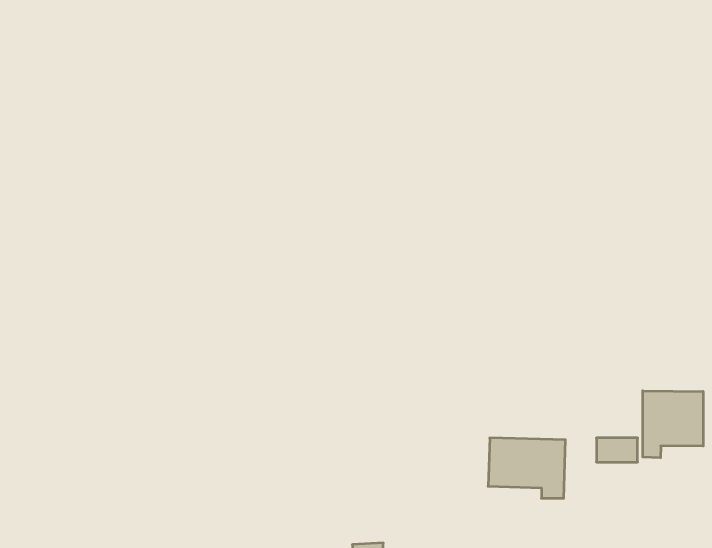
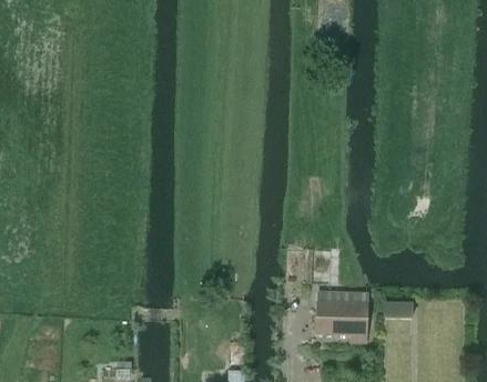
building: [643,391,703,458] -> none

